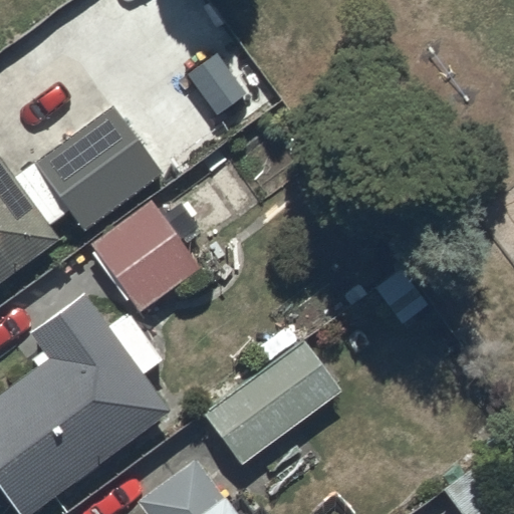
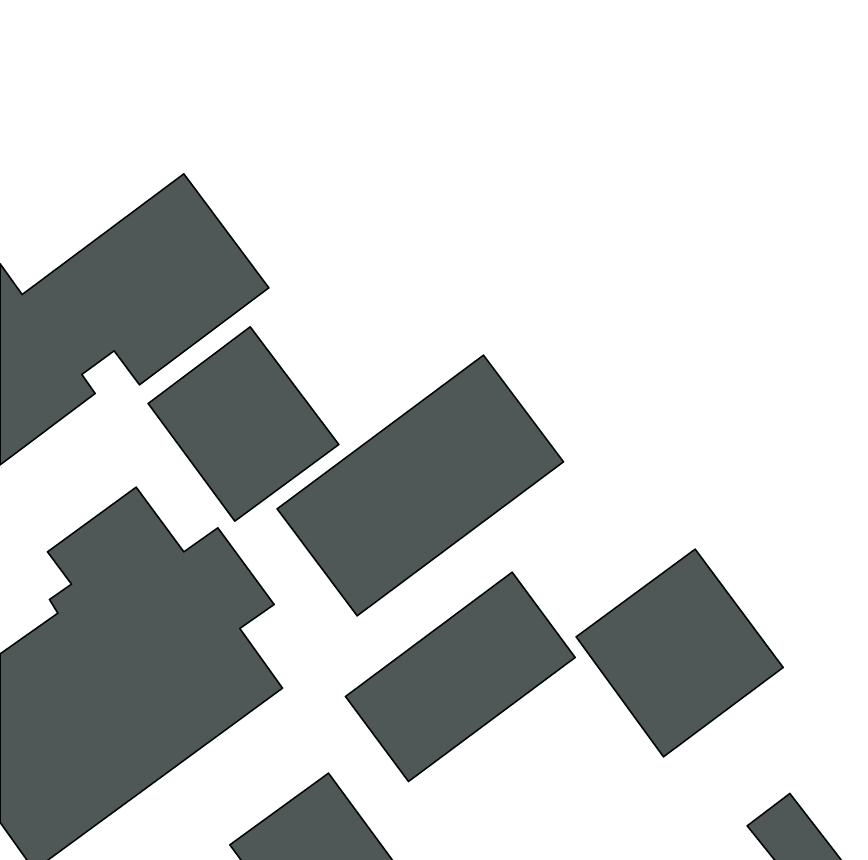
building: none -> [277,355,564,616]
building: none -> [576,549,783,757]

